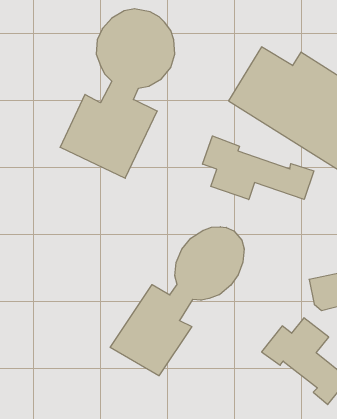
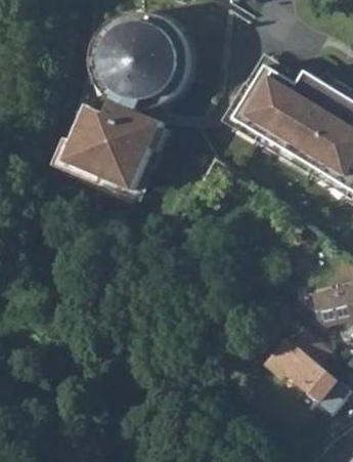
building: [203,136,314,200] -> none
building: [110,227,244,376] -> none

